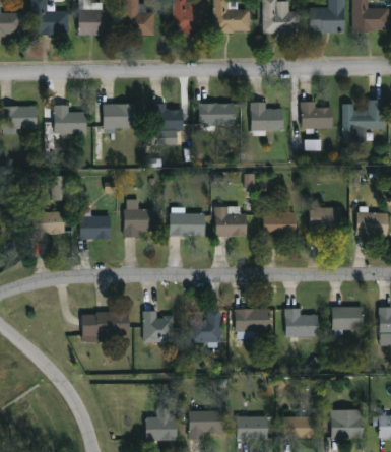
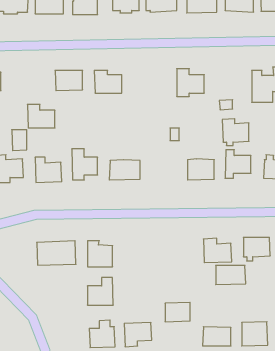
building: [301,101,333,133] -> [222,119,249,145]
building: [198,102,235,131] -> none
building: [54,105,87,133] -> [27,104,55,128]
building: [215,207,247,237] -> none
building: [189,309,220,342] -> [87,278,113,305]
building: [234,309,270,332] -> [216,265,246,285]
building: [236,416,266,440] -> [165,302,190,322]

